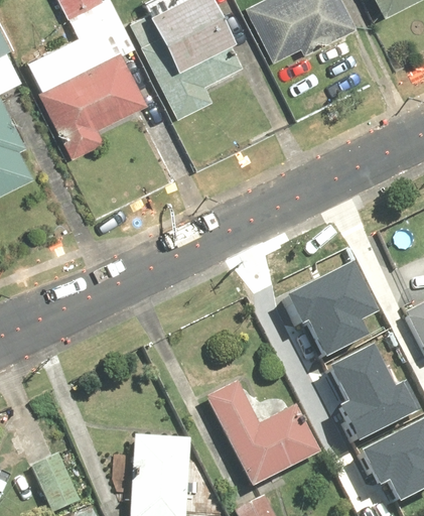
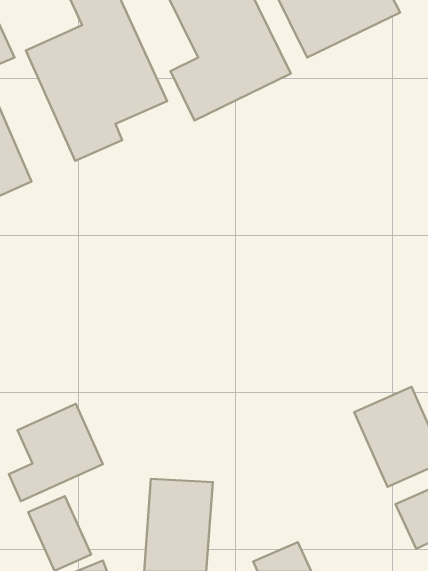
building: [279,271,370,362] -> none
building: none -> [9,404,103,501]
building: [205,376,324,487] -> none

